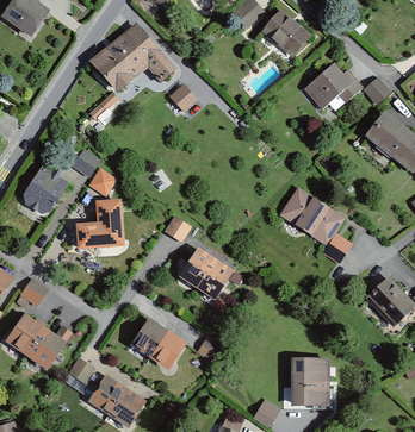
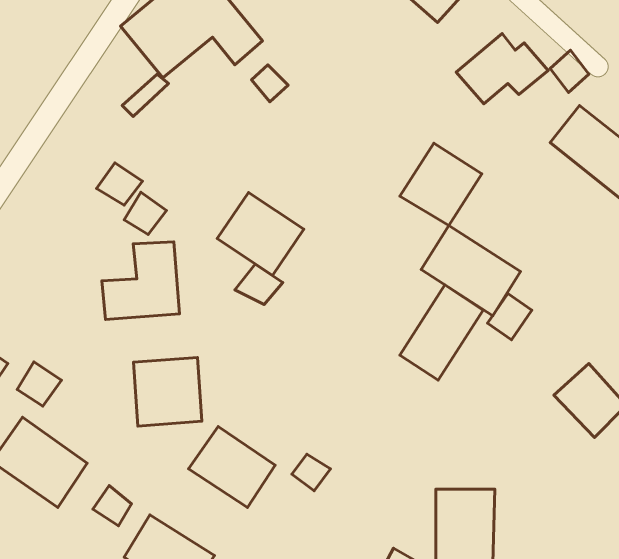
building: none -> [400,143,482,225]
building: [20,165,68,215] -> none
building: none -> [400,285,483,380]
building: [178,248,234,301] -> [217,192,304,275]
building: none -> [133,357,202,426]

